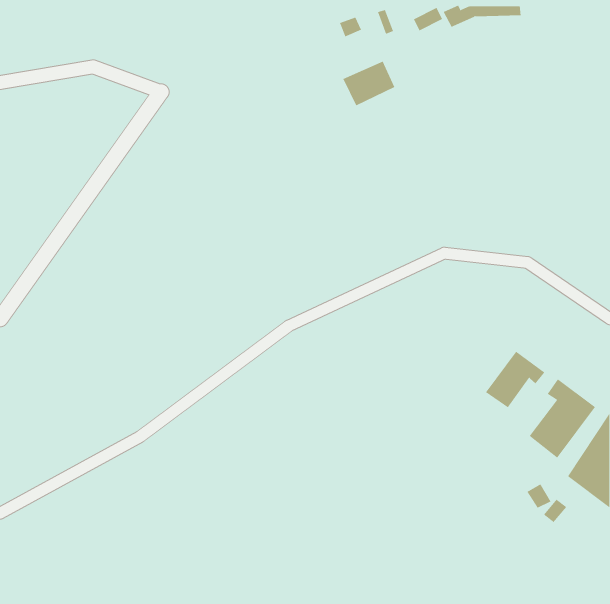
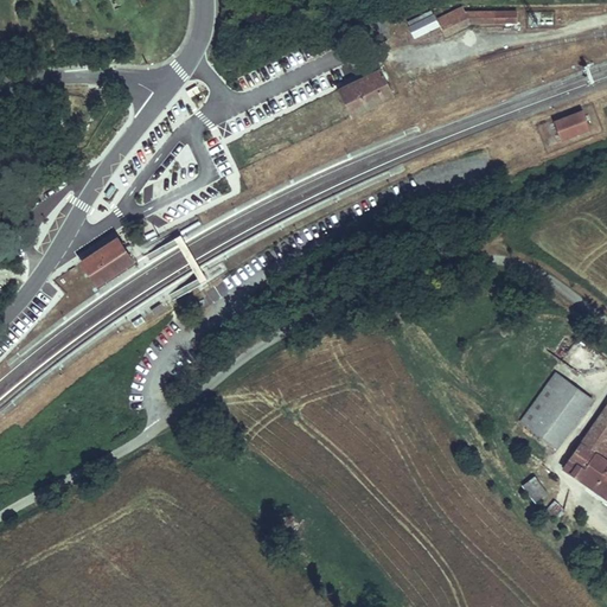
building: none -> [555,104,590,133]
building: none -> [88,236,136,279]
building: [485,351,545,408] -> none

